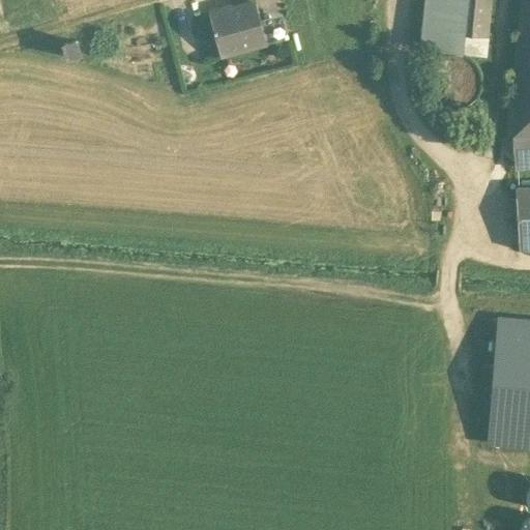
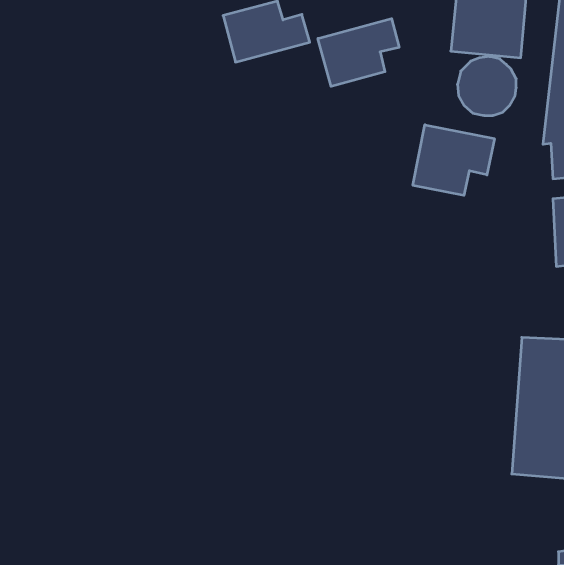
building: none -> [318,19,399,86]
building: none -> [413,125,494,195]

